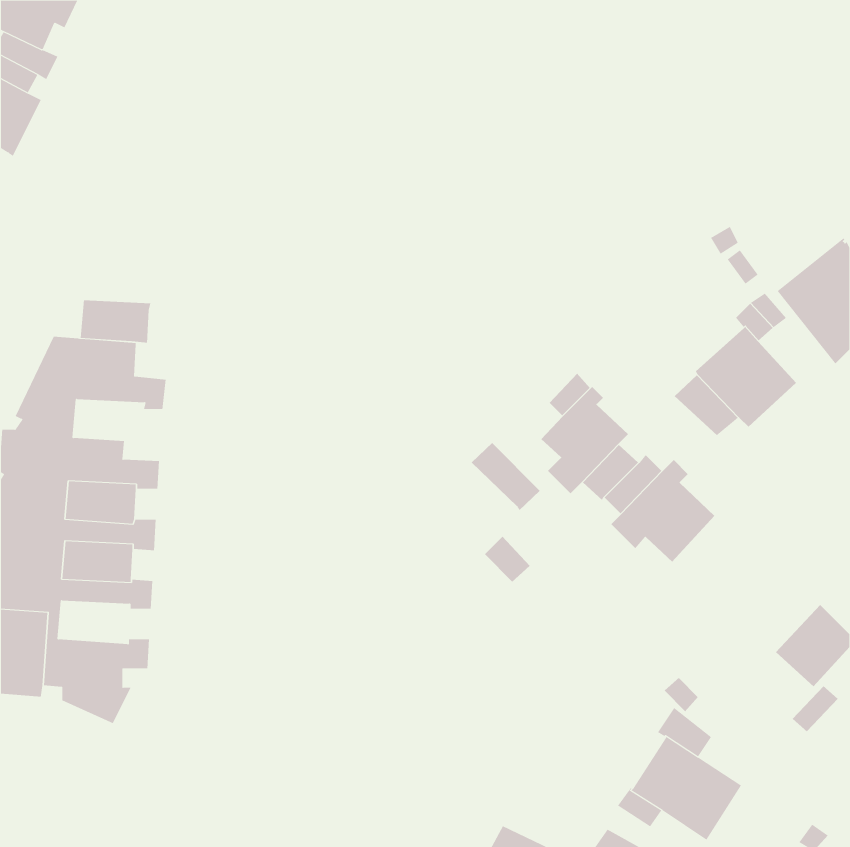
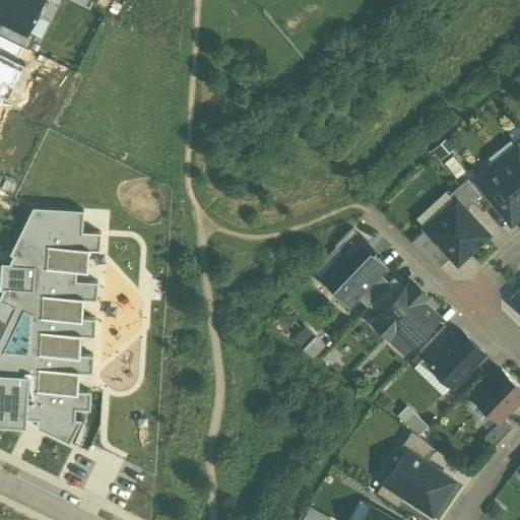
building: [80,300,151,343] -> [45,246,88,272]
building: [471,442,541,511] -> none
building: none -> [418,327,483,386]
building: none -> [36,369,79,395]

